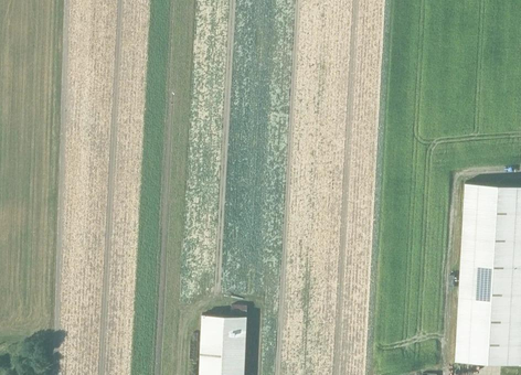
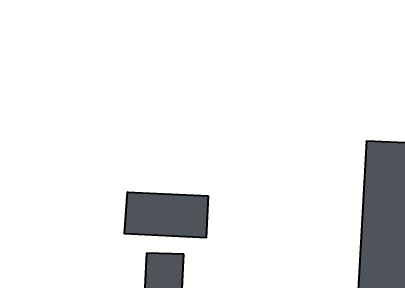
building: none -> [125,192,208,238]

